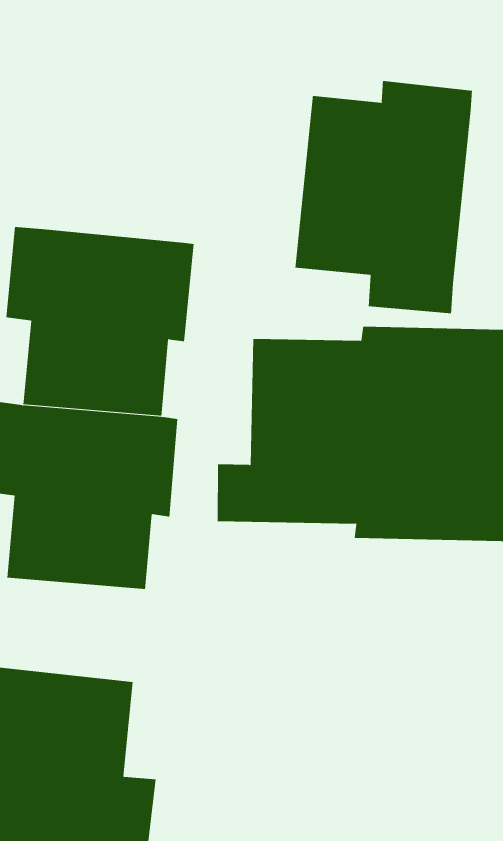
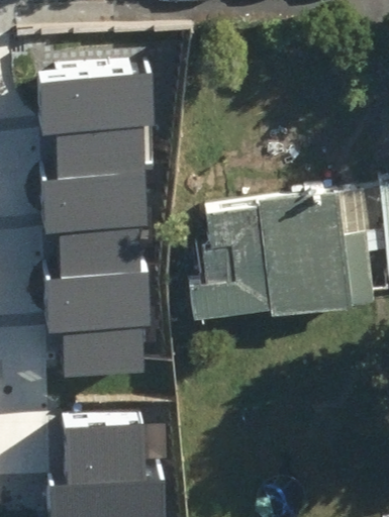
building: none -> [39,71,144,171]
building: [295,80,473,314] -> none

